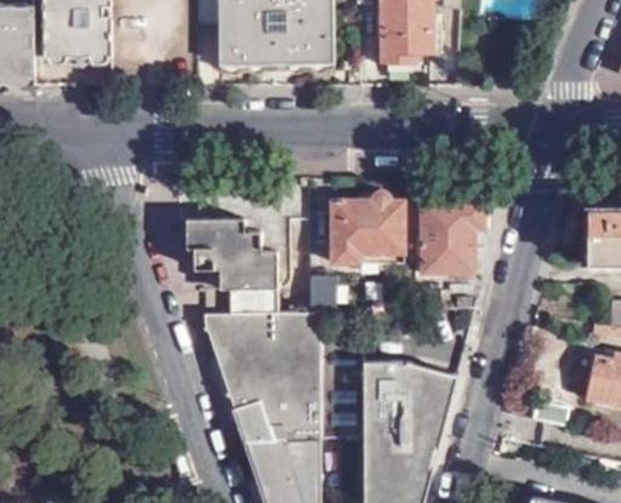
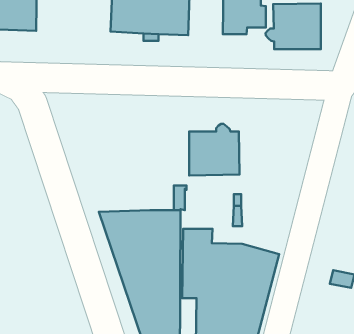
building: none -> [266,4,321,49]
building: [406,201,483,274] -> none
building: [182,222,275,318] -> none

